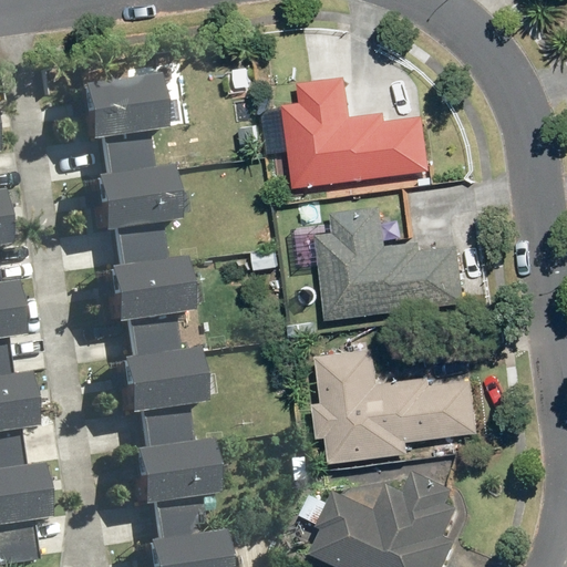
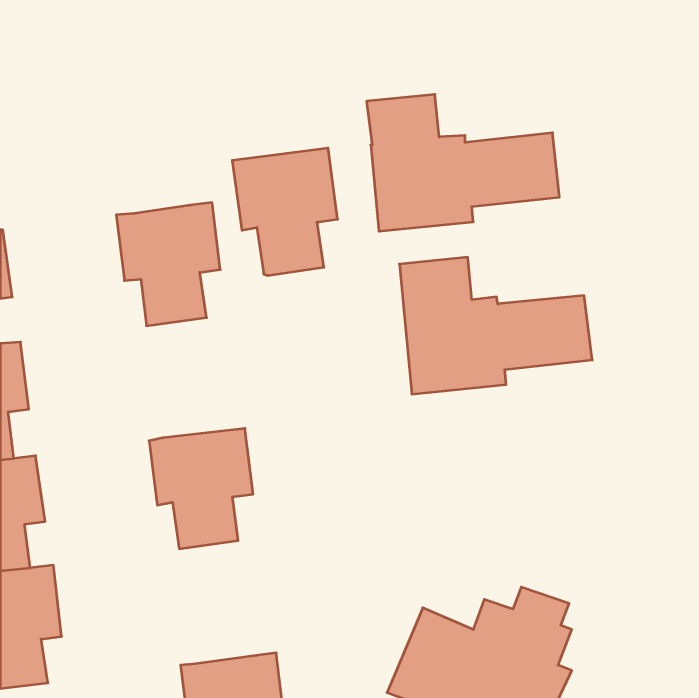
building: [80,71,165,174] -> [232,148,338,275]
building: [107,256,192,355] -> none
building: [329,350,485,461] -> none
building: [134,436,219,538] -> none

